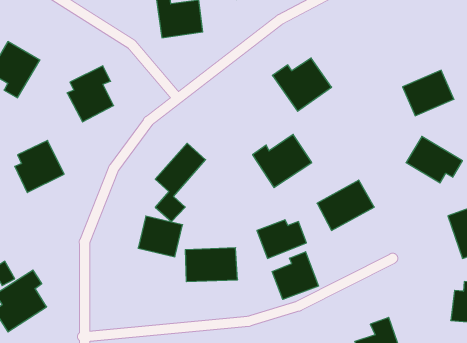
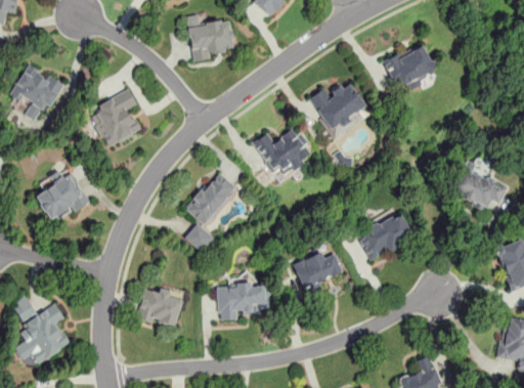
building: [403,70,454,116] -> [382,42,436,90]
building: [253,134,312,188] -> [253,123,315,179]
building: [138,216,183,257] -> [136,285,183,328]
building: [272,252,319,299] -> none

